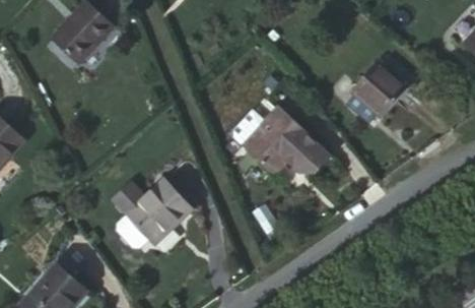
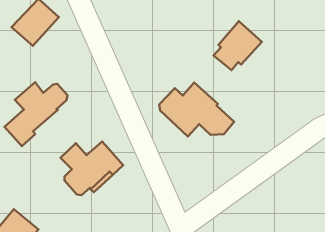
building: [347,62,407,123] -> [214,21,262,70]
building: none -> [4,82,67,146]

